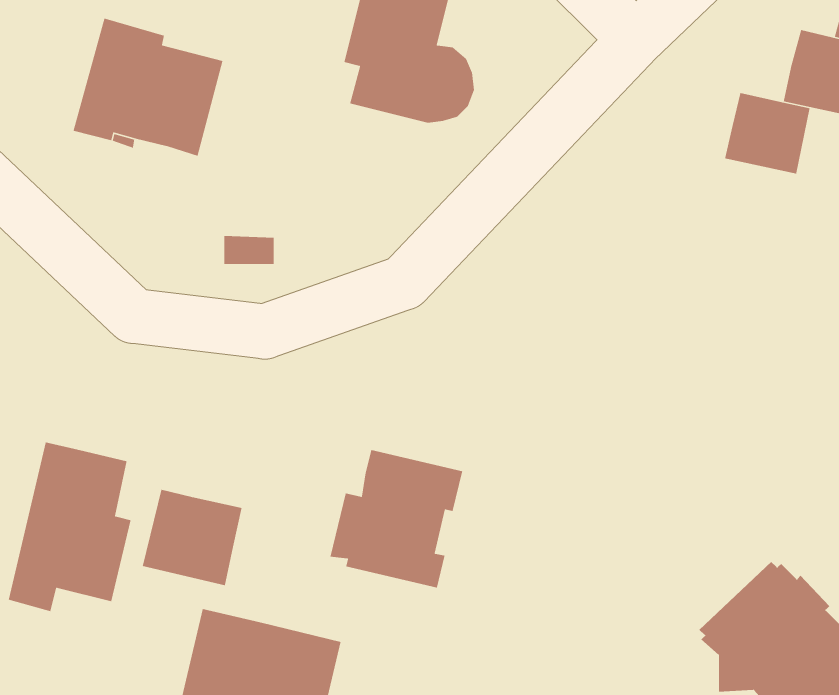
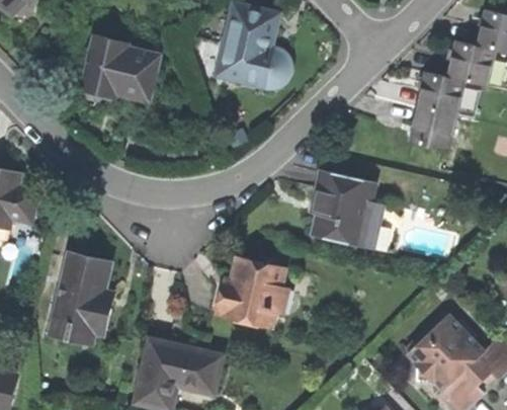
building: none -> [411,106,456,149]
building: none -> [314,170,383,247]
building: [142,489,242,586] -> none

